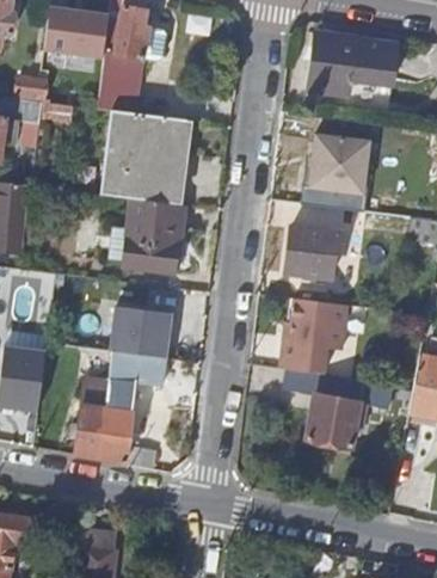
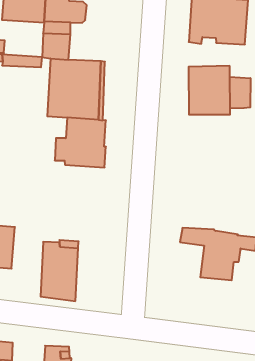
building: none -> [230,77,250,108]
building: [289,227,343,279] -> none
building: [282,297,347,364] -> none
building: [111,307,172,359] -> none

